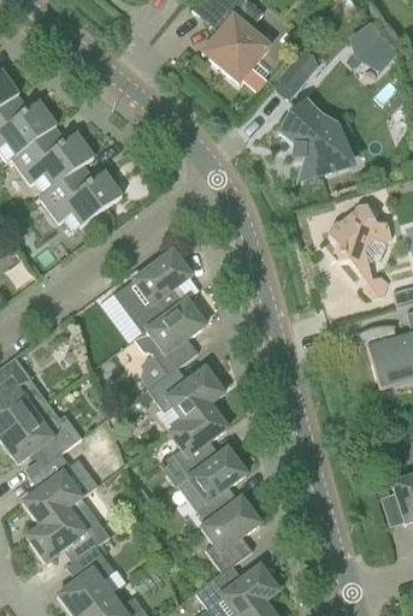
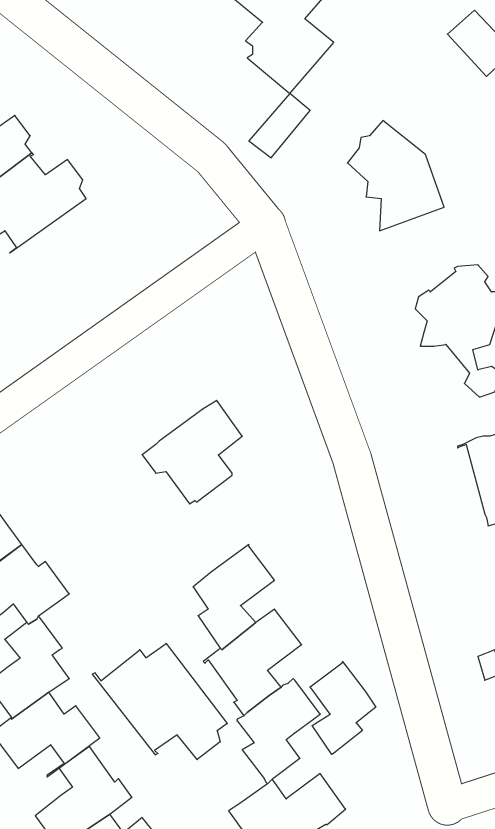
building: [273,52,317,97] -> [249,93,310,158]
building: [40,156,122,231] -> none
building: [116,250,191,331] -> none
building: [147,367,224,421] -> none
building: none -> [92,643,227,760]
building: none -> [310,662,376,754]

